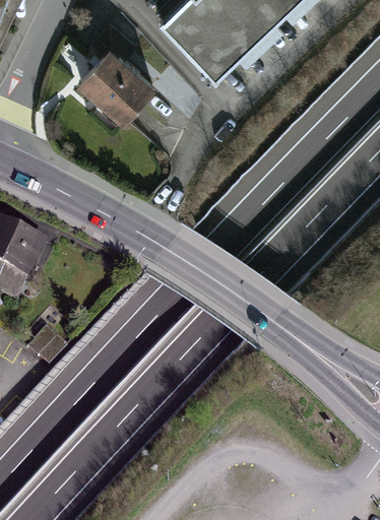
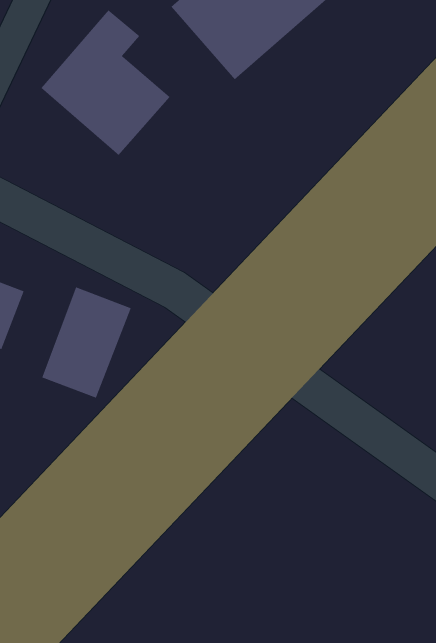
building: none -> [42,286,132,398]

